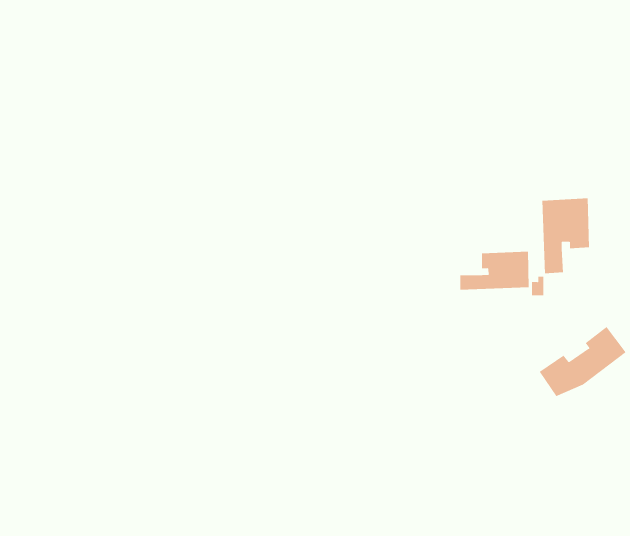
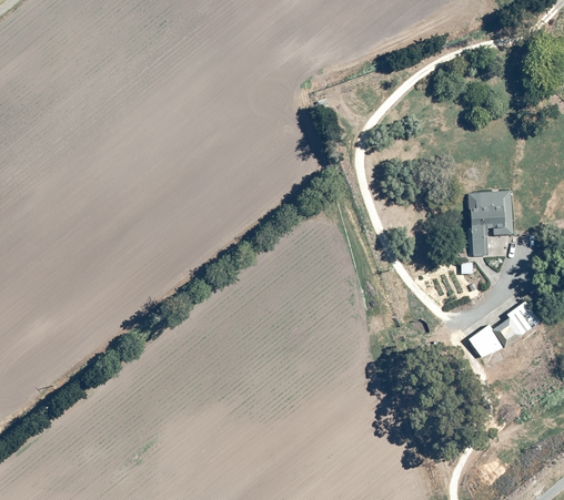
building: [460,251,529,290] -> none

